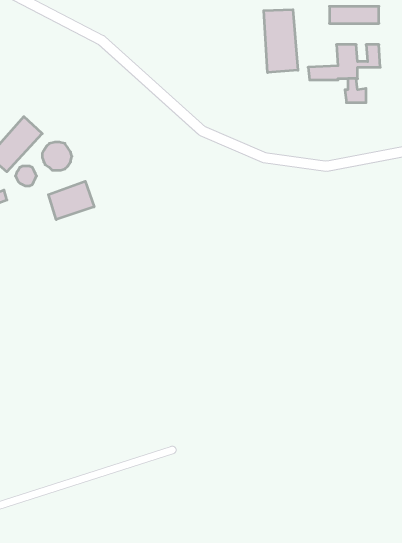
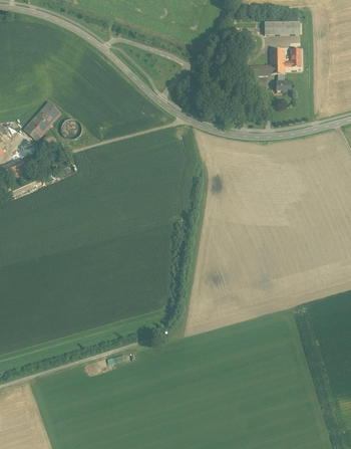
building: [264,10,298,73] -> none
building: [48,181,94,220] -> none

